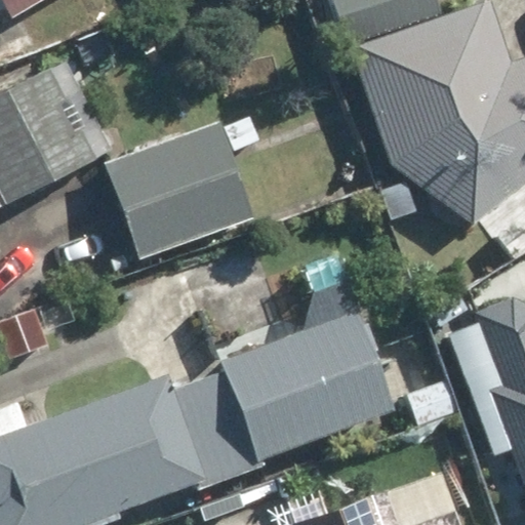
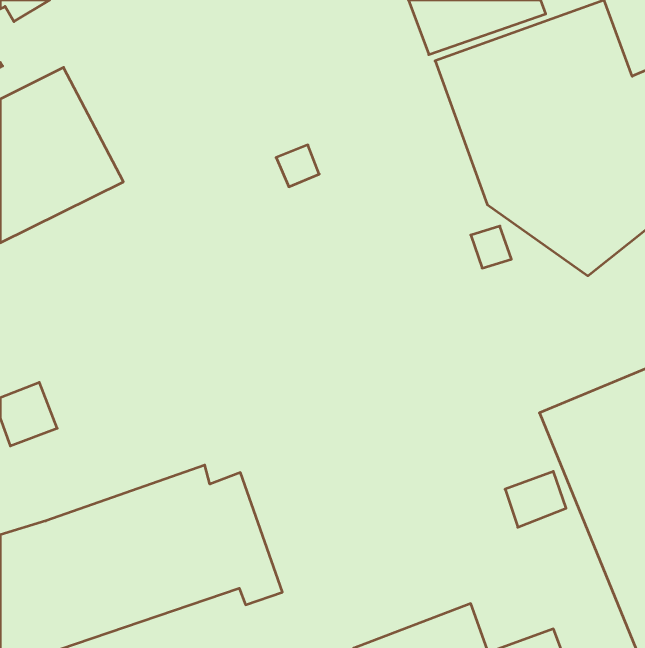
building: [107,122,256,260] -> none
building: [198,281,395,479] -> none

